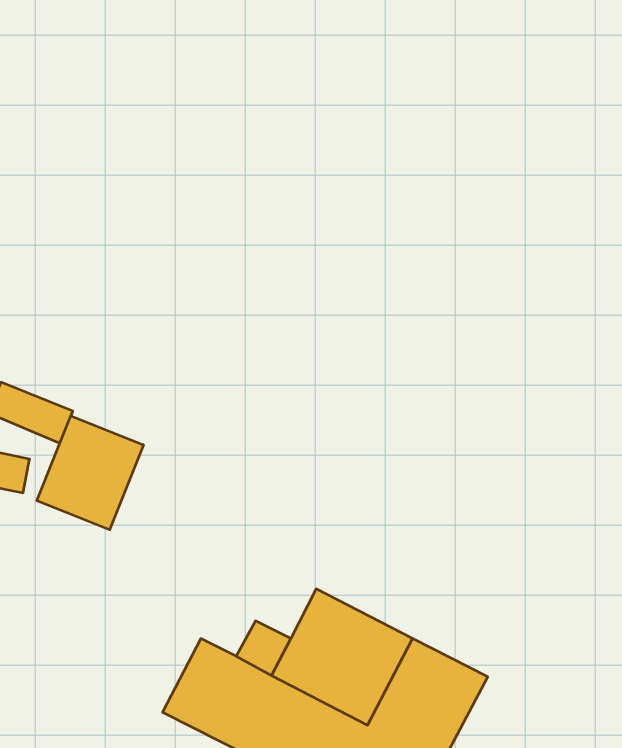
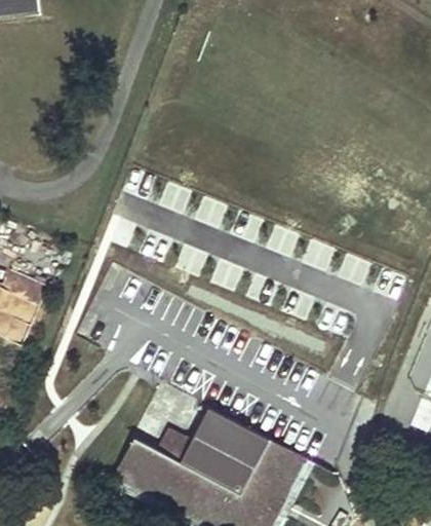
building: [37,416,143,530] -> none

